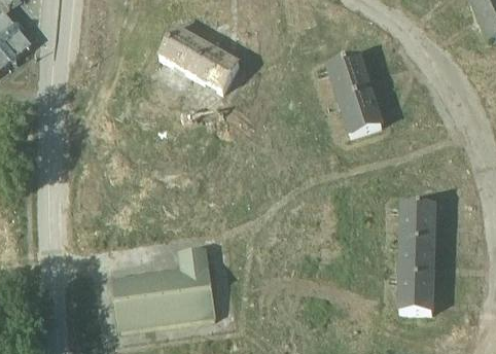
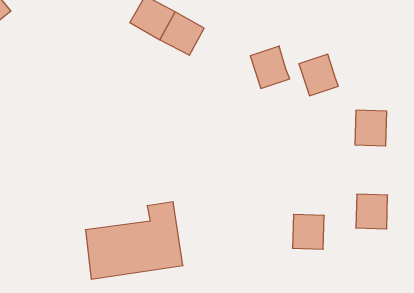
building: [327,52,369,98] -> [250,46,290,88]
building: [400,200,434,238] -> [355,110,387,146]
building: [398,273,432,310] -> [292,214,324,249]

